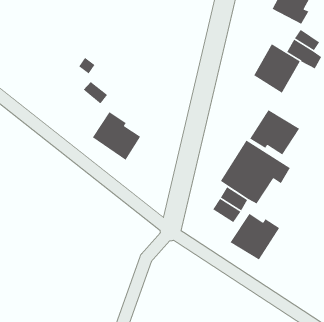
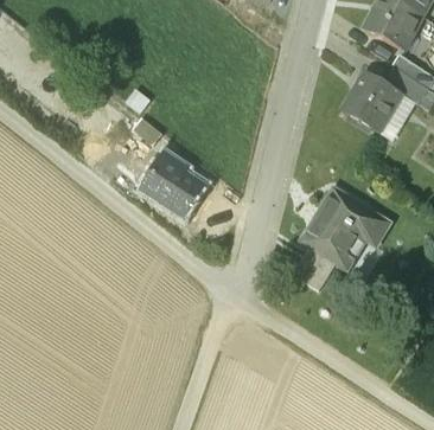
building: [249,109,300,156] -> none
building: [230,213,280,260] -> none

